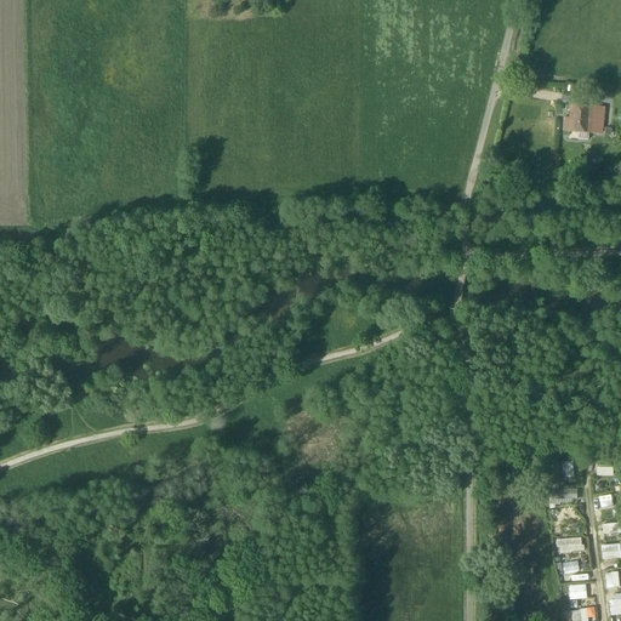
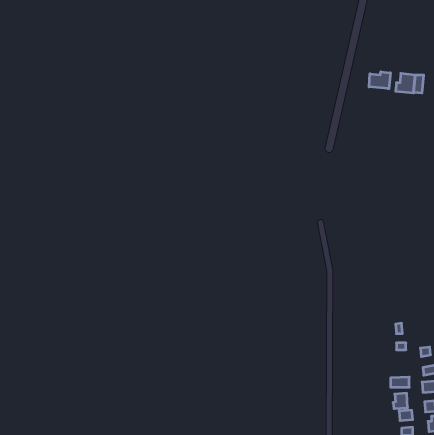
building: none -> [369,72,390,89]

